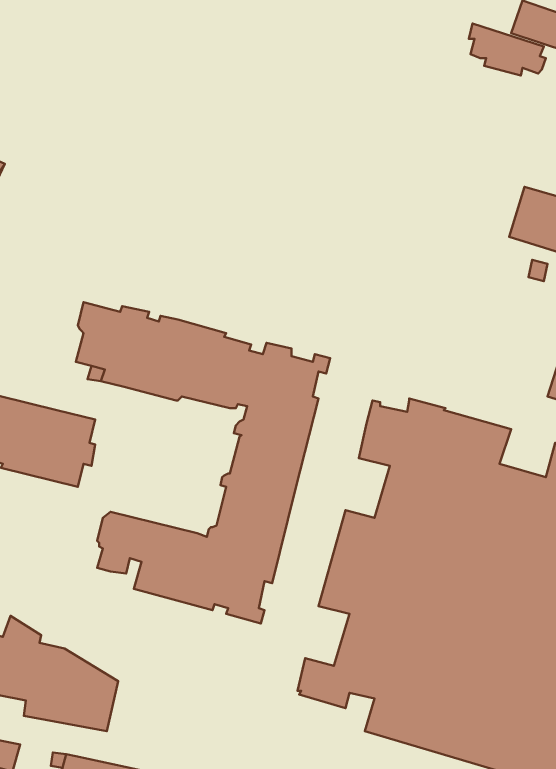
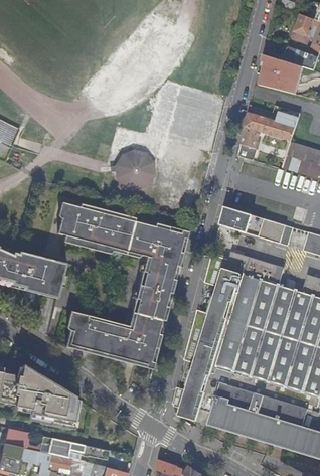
building: none -> [259,70,300,94]
building: none -> [236,110,299,160]
building: none -> [116,149,155,188]
building: none -> [219,205,294,245]

